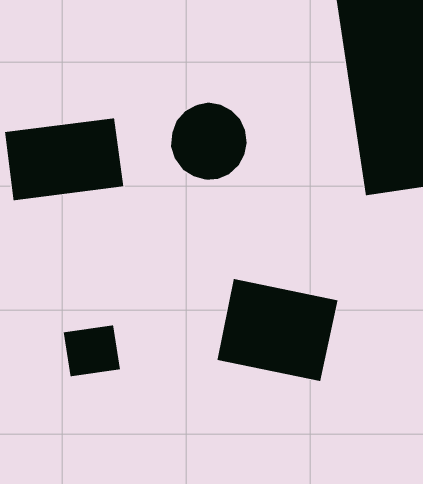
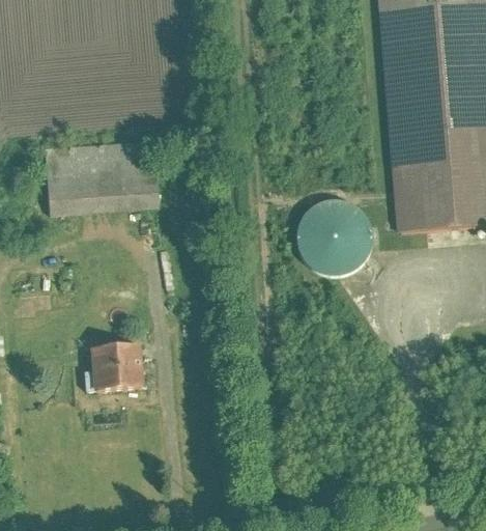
building: [170,102,248,180] -> [296,198,373,275]
building: [217,278,338,382] -> none

